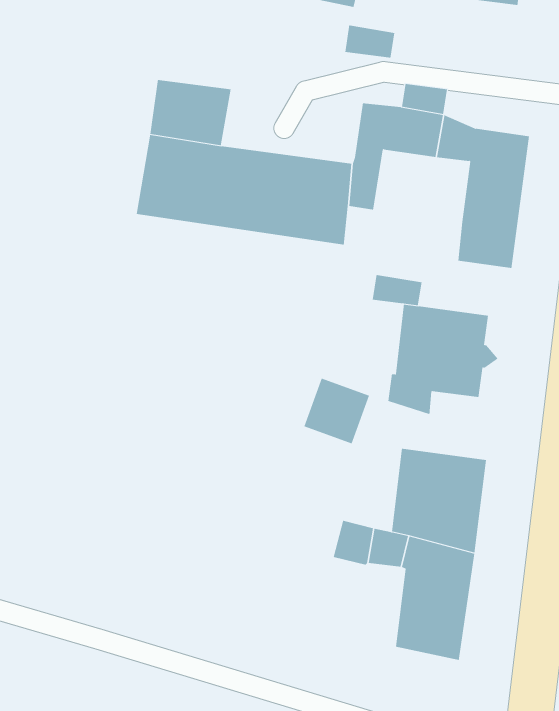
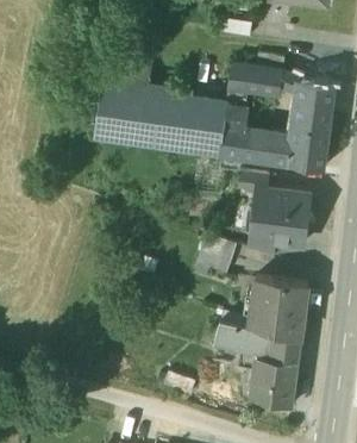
building: none -> [221,129,293,162]

